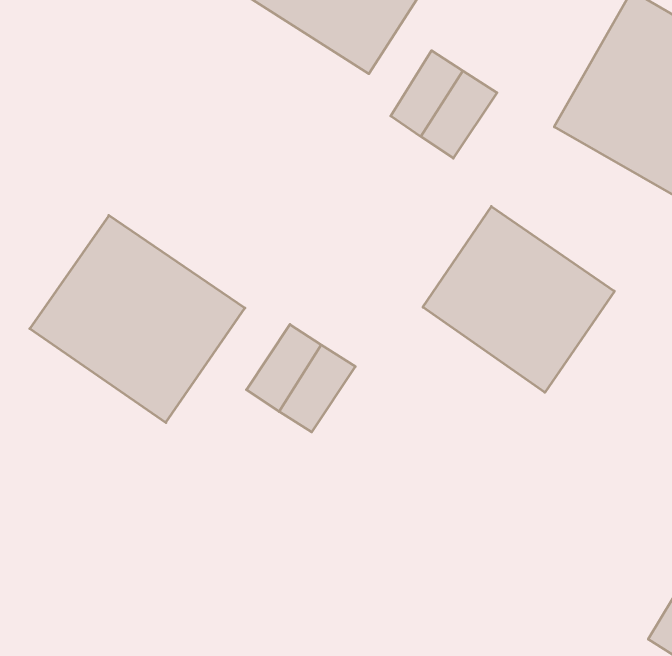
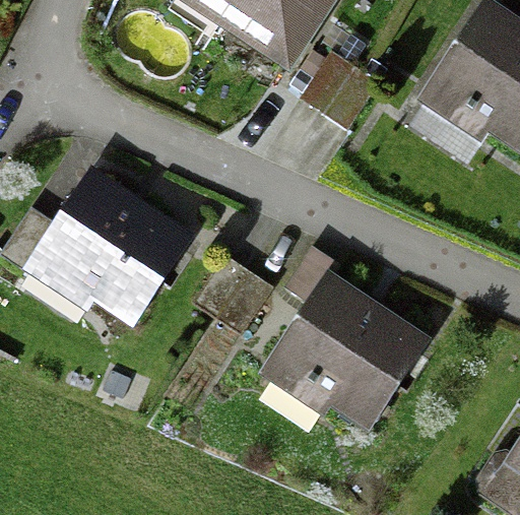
building: [423,206,614,392] -> none
building: none -> [270,273,426,427]

